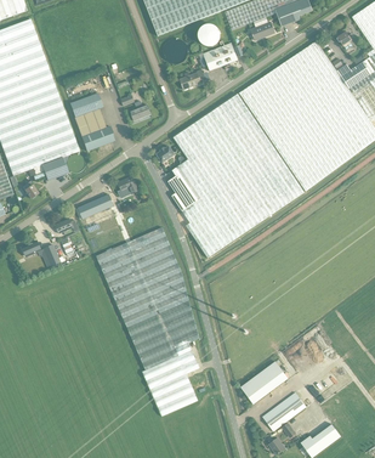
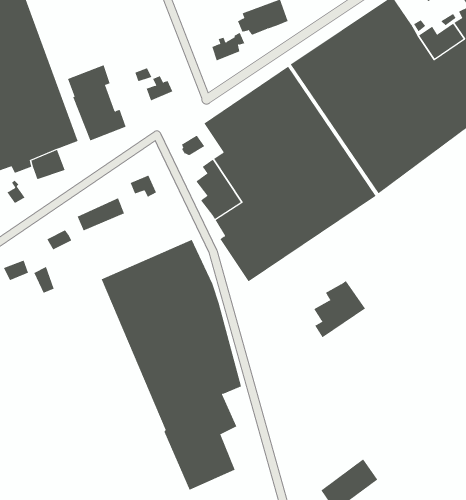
building: none -> [314,280,366,338]
building: [240,360,288,402] -> none

